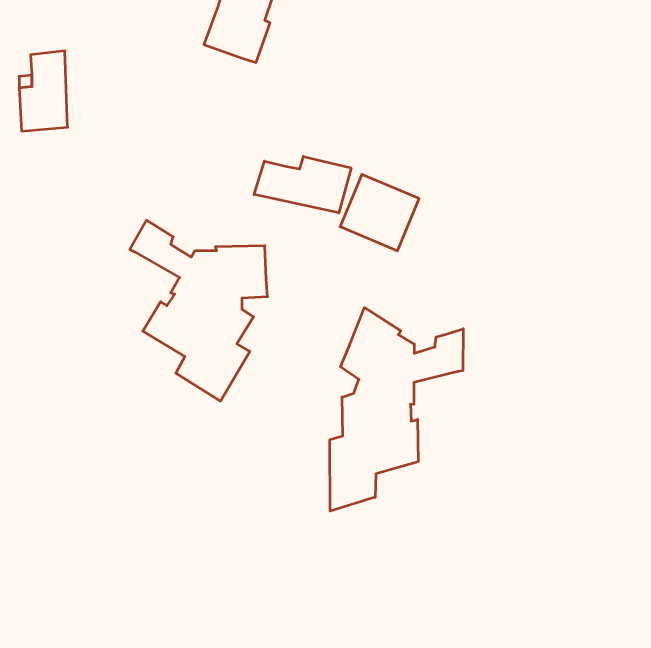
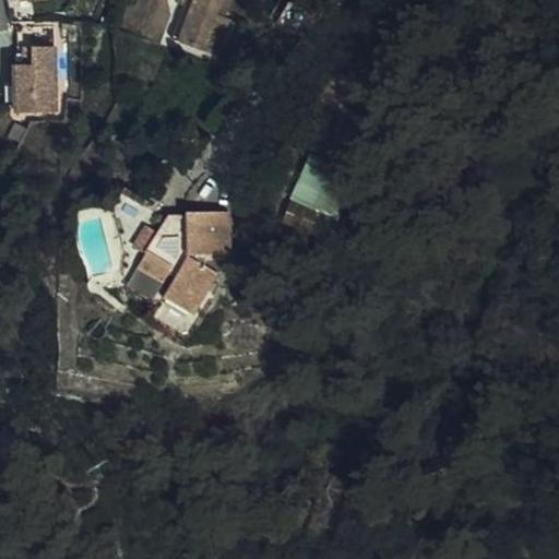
building: [254,156,351,213] -> none
building: [330,308,463,511] -> none

